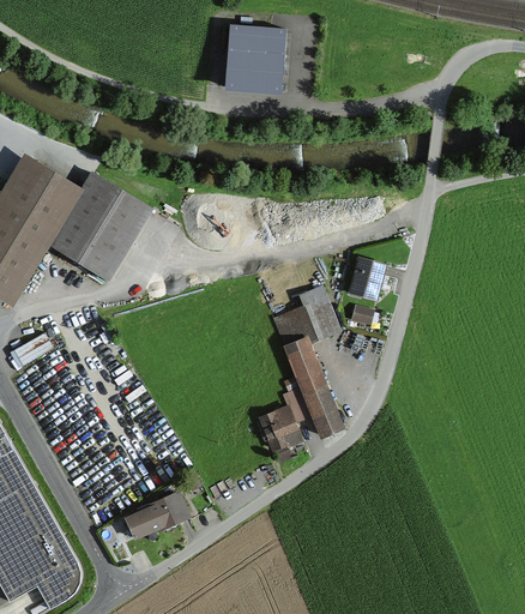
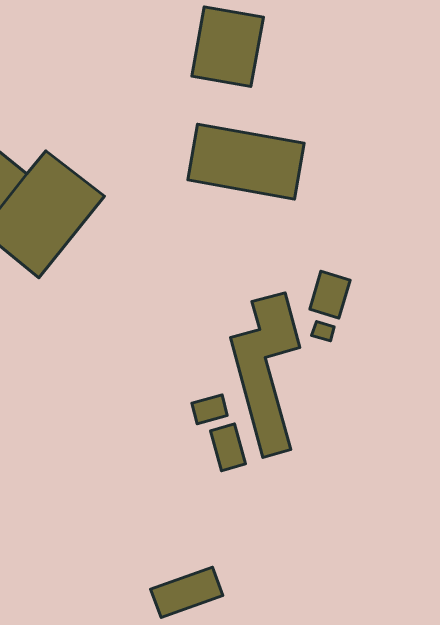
building: none -> [188,124,304,199]
building: none -> [192,395,227,424]
building: [120,493,187,543] -> [151,567,223,617]

